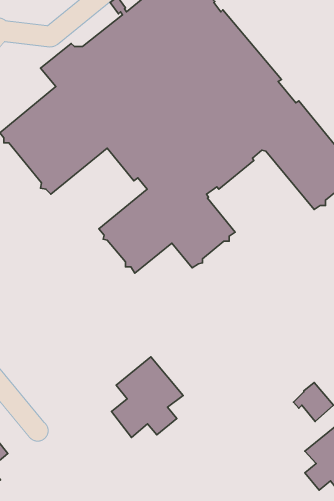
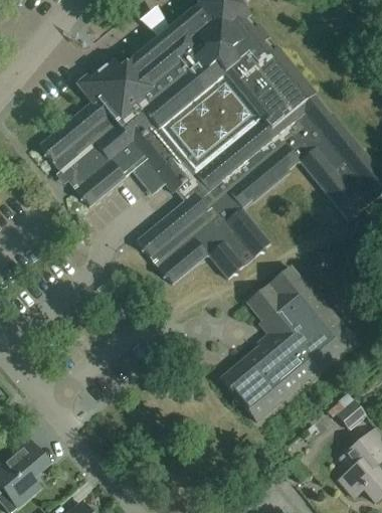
building: none -> [220,268,357,421]
building: [112,357,183,438] -> none

